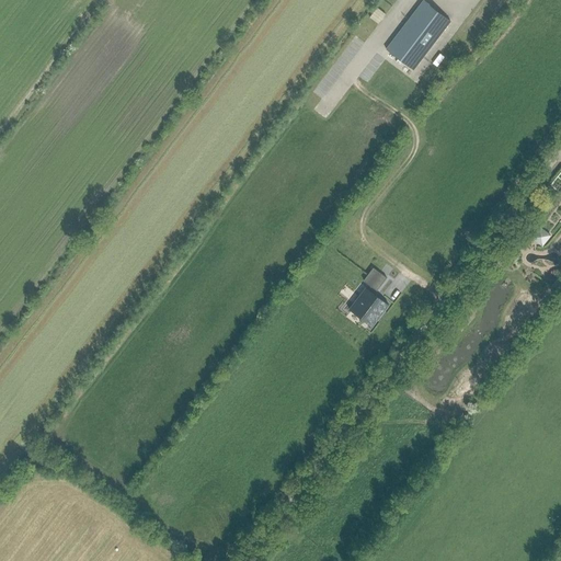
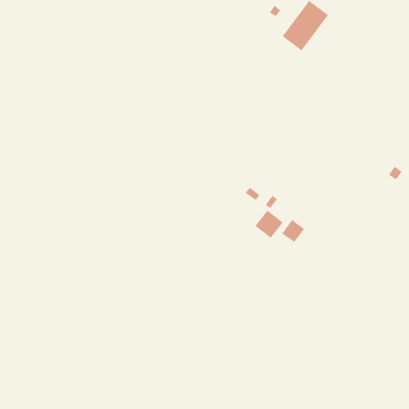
building: none -> [282,219,305,243]

